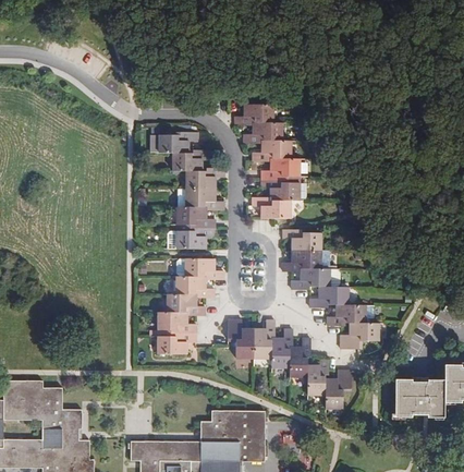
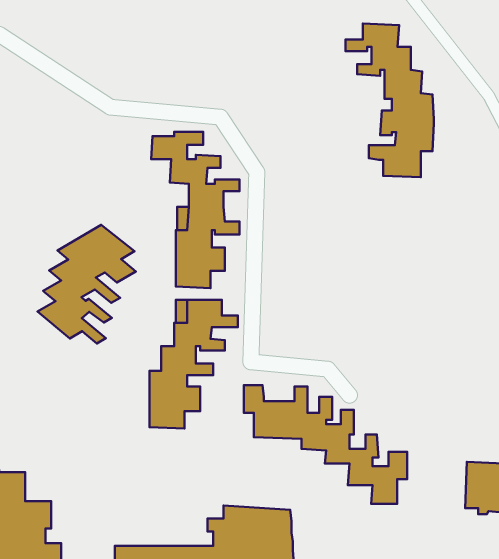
building: [235,104,302,219] -> [346,24,434,177]
building: none -> [37,225,136,344]
building: [283,229,380,349] -> none

